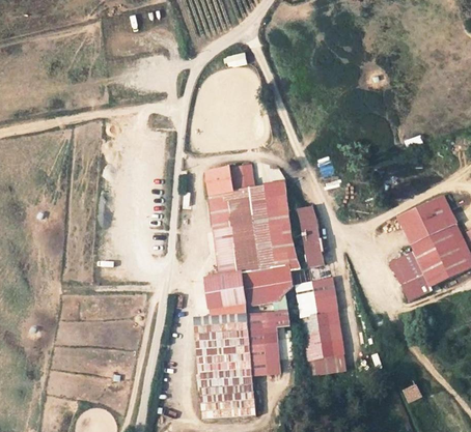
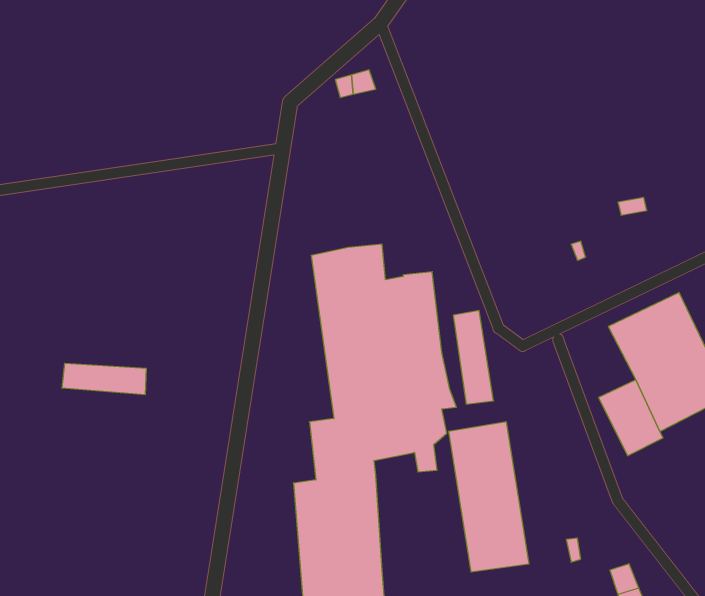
building: none -> [62,363,146,395]
building: [248,310,288,374] -> none

